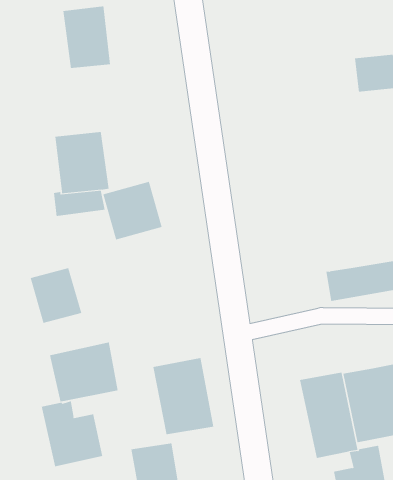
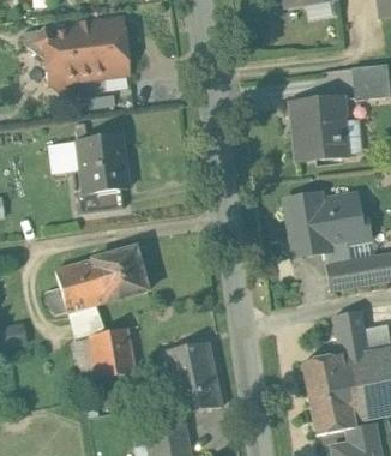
building: none -> [42,24,91,83]
building: none -> [291,96,361,160]
building: [102,181,163,240] -> [90,247,145,301]
building: none -> [285,193,371,263]
building: none -> [333,310,368,356]
building: [41,401,103,467] -> none

